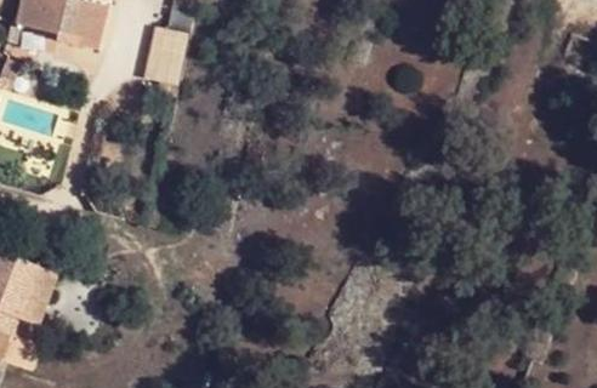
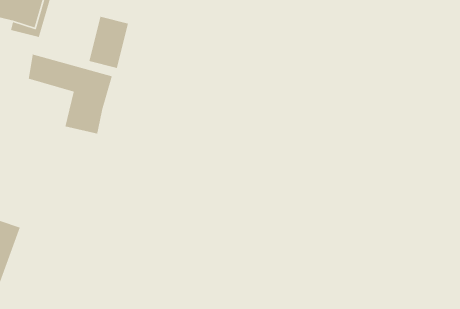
building: none -> [28,54,113,135]

